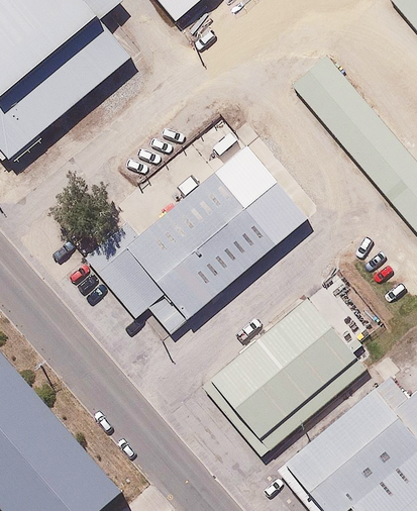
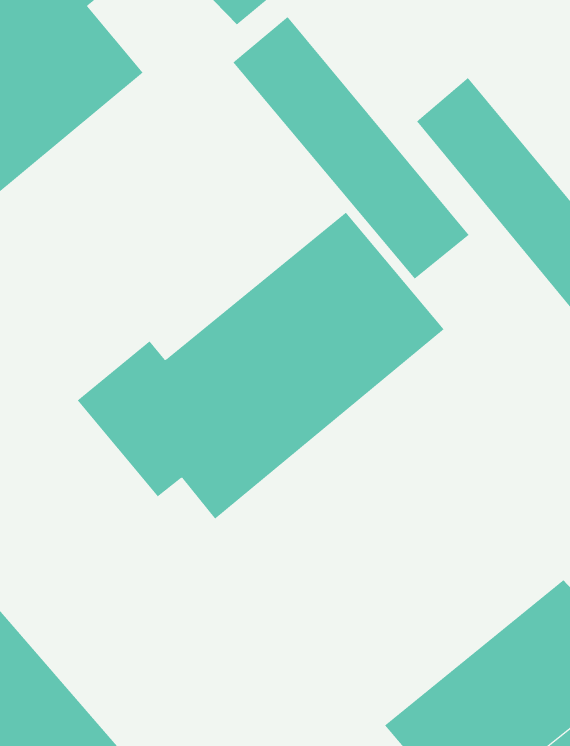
building: none -> [233,16,469,280]
building: [202,299,366,455] -> none

